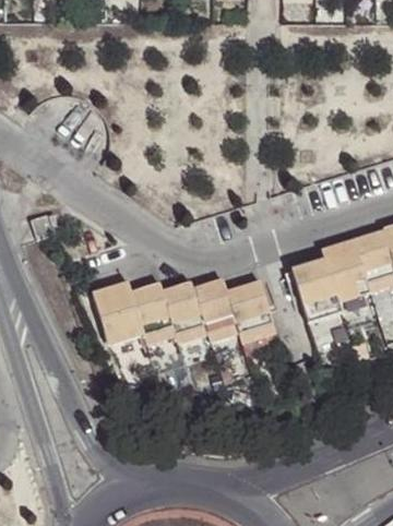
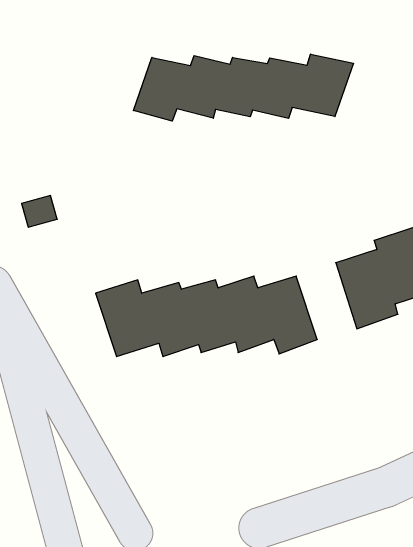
building: none -> [133,54,353,121]

